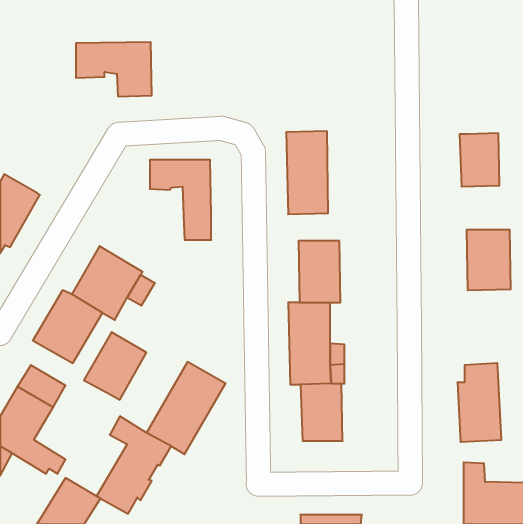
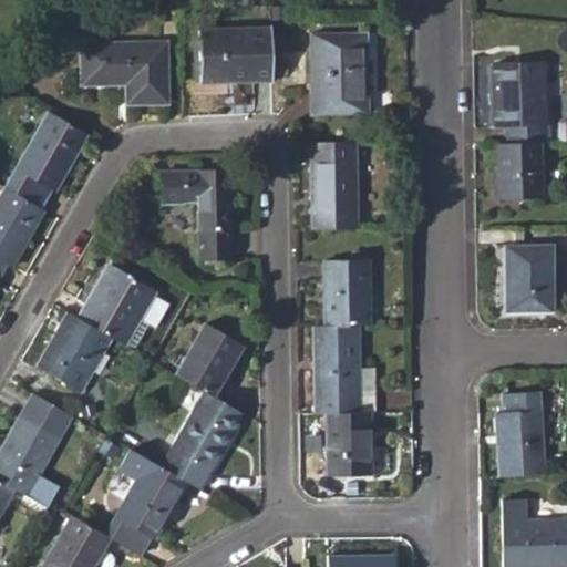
building: none -> [198,30,274,82]
building: none -> [311,34,369,114]
building: none -> [493,63,546,145]
building: none -> [6,113,89,208]
building: [84,332,146,400] -> [175,323,243,396]

